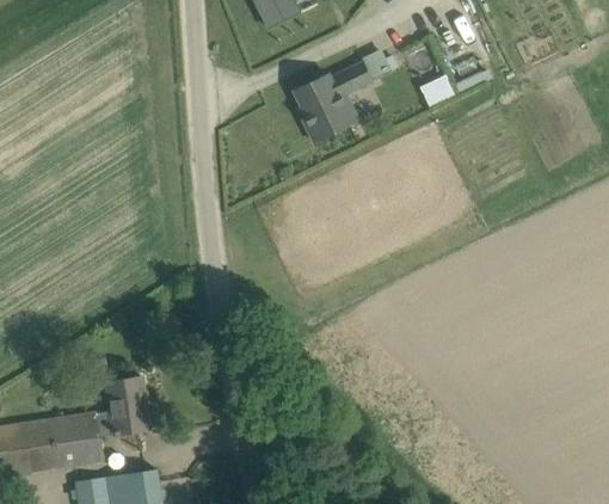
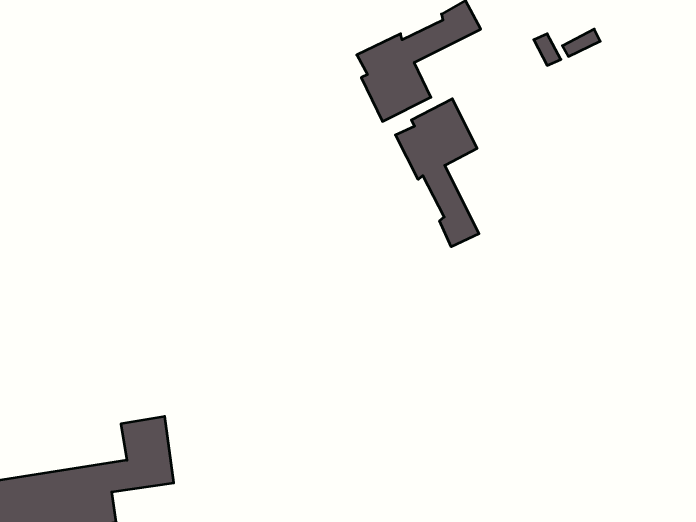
building: none -> [395,99,479,247]

